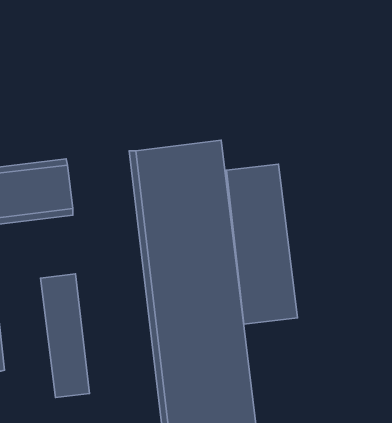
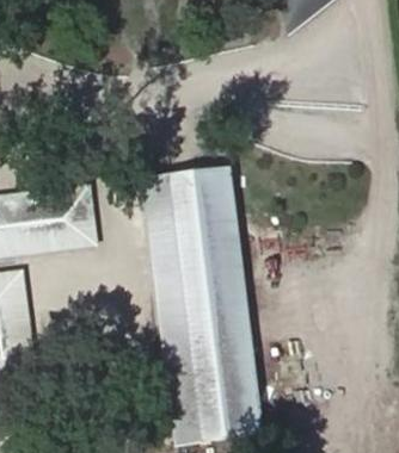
building: [226,164,297,324] -> none
building: [41,274,89,397] -> none

